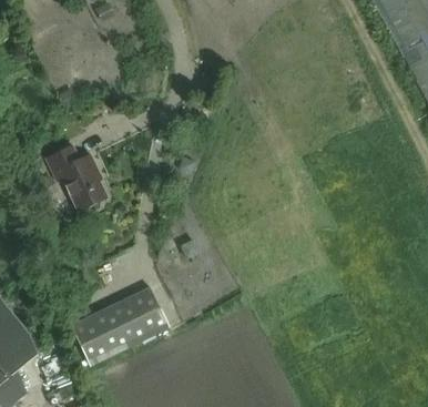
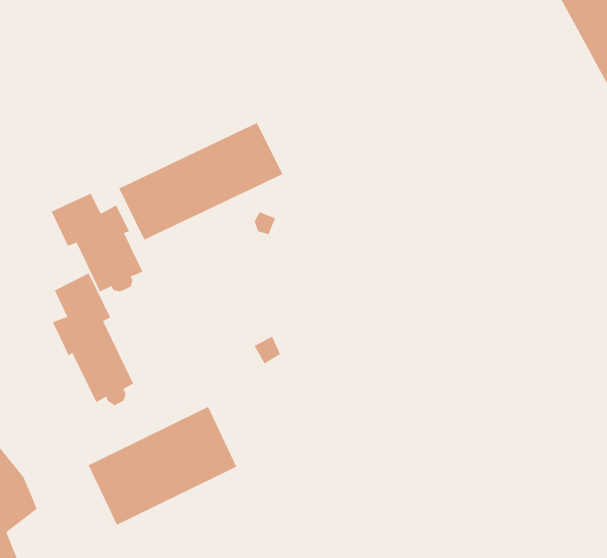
building: none -> [118,122,283,241]
building: none -> [52,272,134,406]

